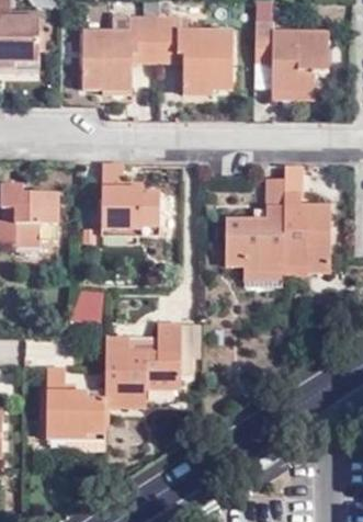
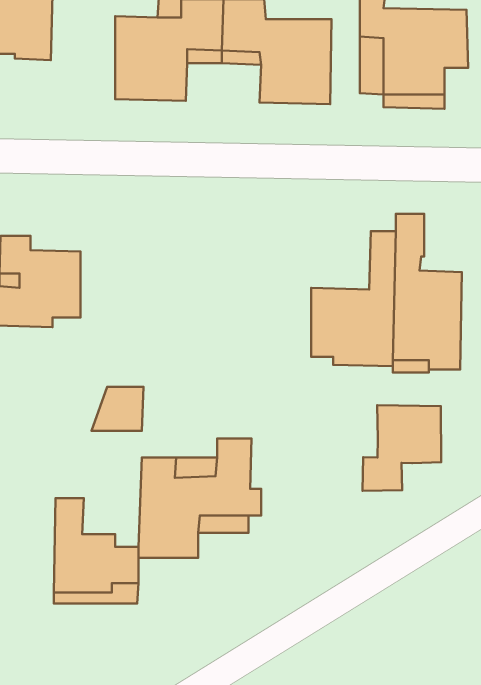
building: [101,162,159,230] -> none
building: none -> [362,405,441,491]

